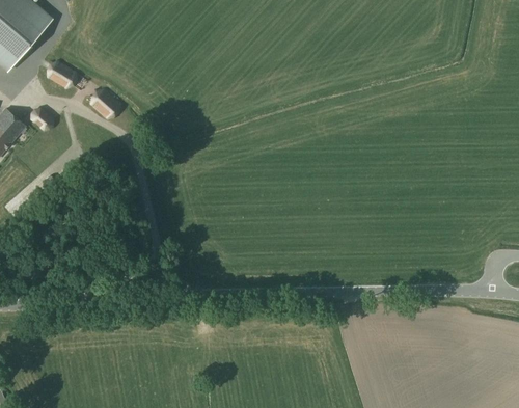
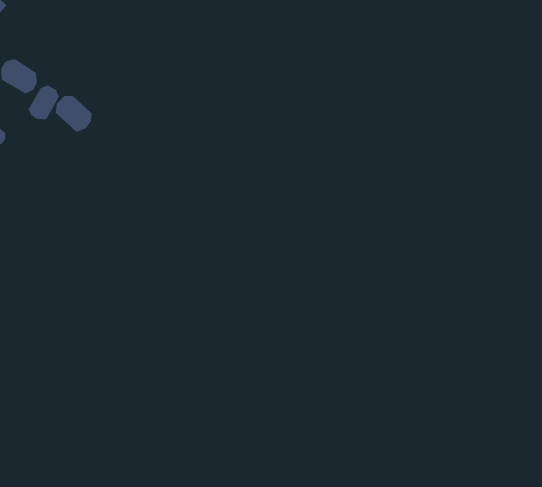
building: none -> [28,85,60,120]

